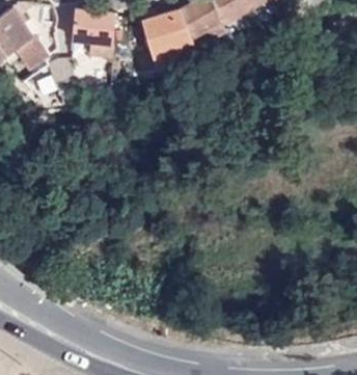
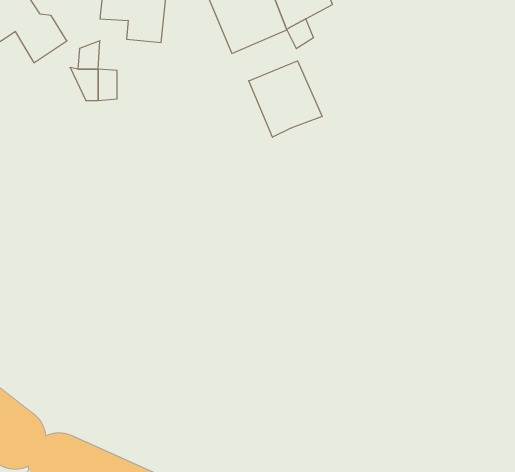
building: none -> [249,61,322,137]

